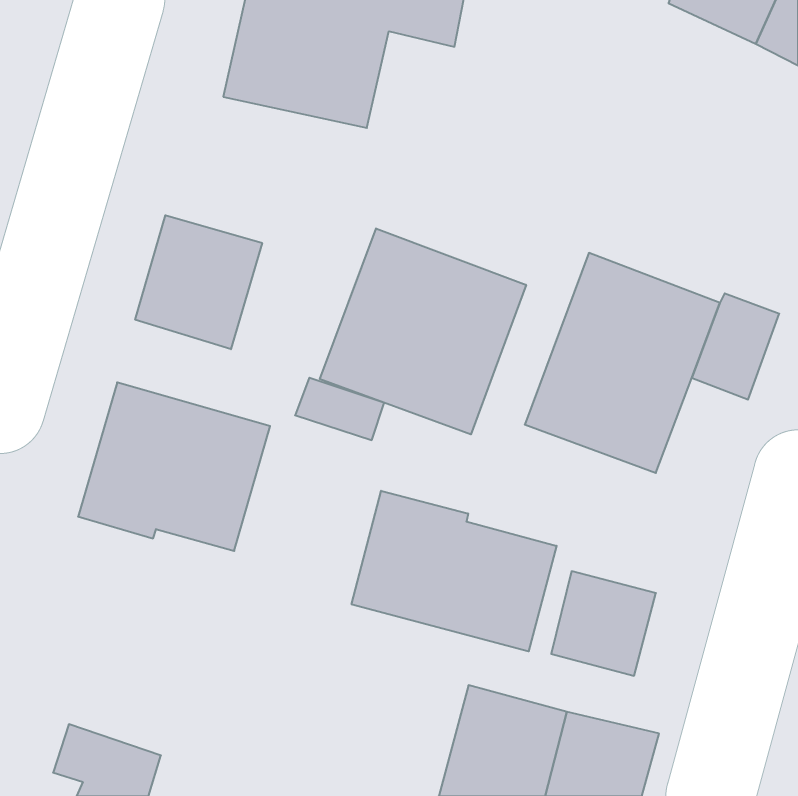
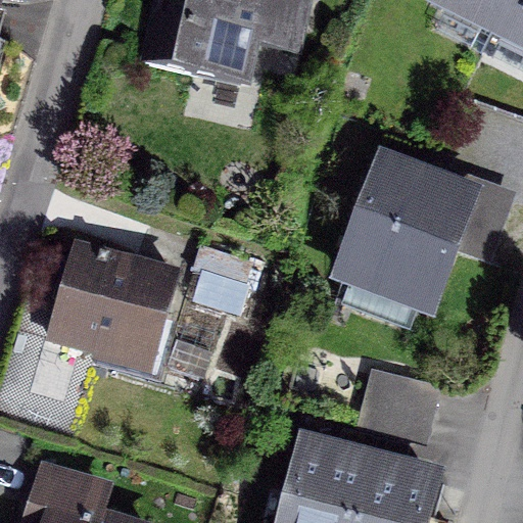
building: [135,215,262,349] -> none
building: [320,228,526,434] -> none
building: [352,491,557,651] -> none

